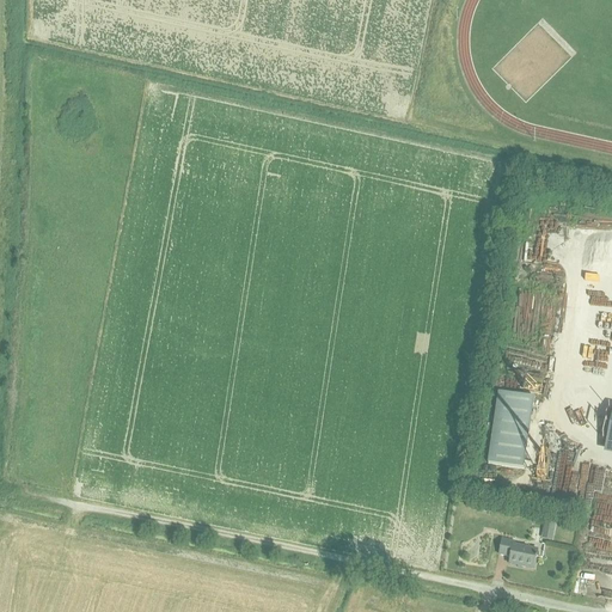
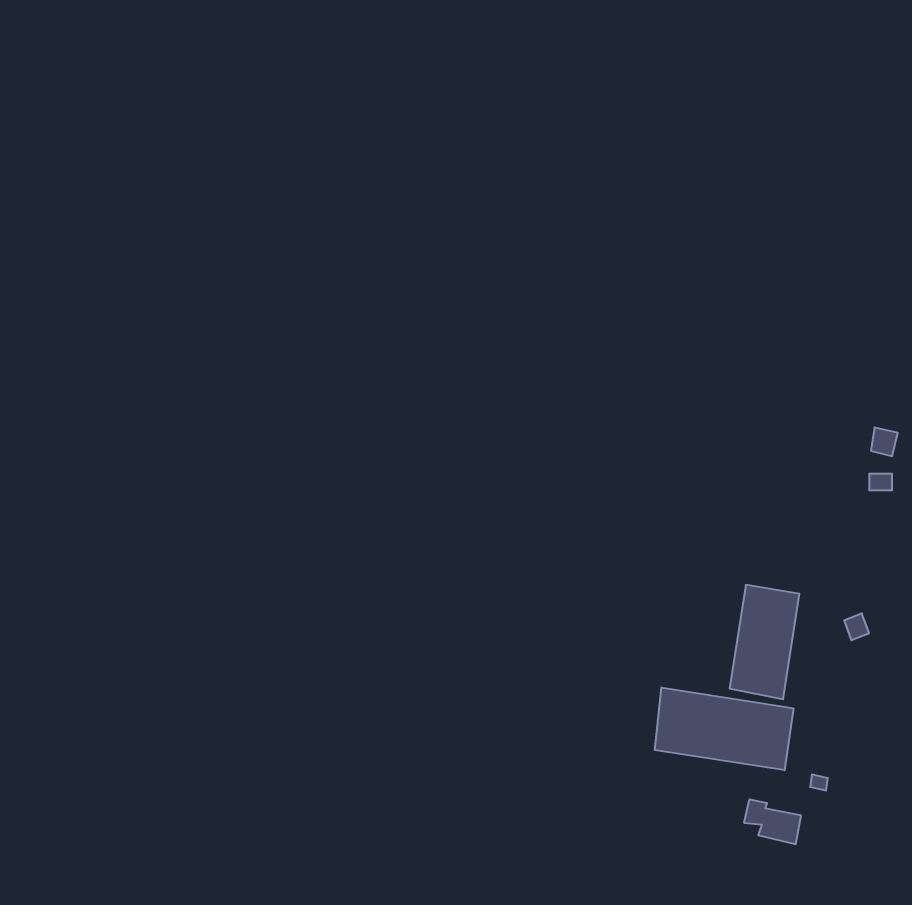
building: none -> [655,687,793,770]

